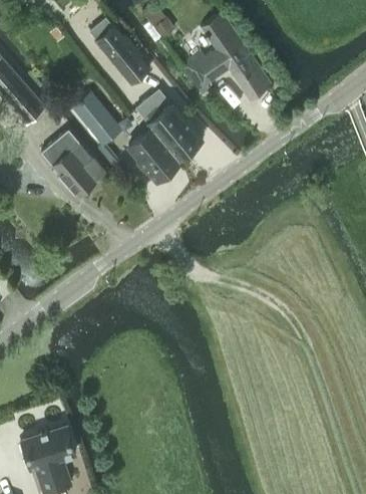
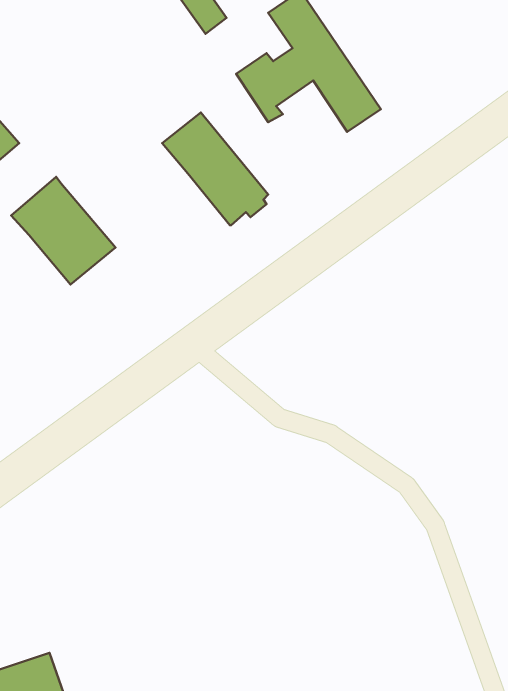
building: [97,28,148,84] -> none
building: [72,93,122,147] -> none
building: [128,129,180,183] -> none

